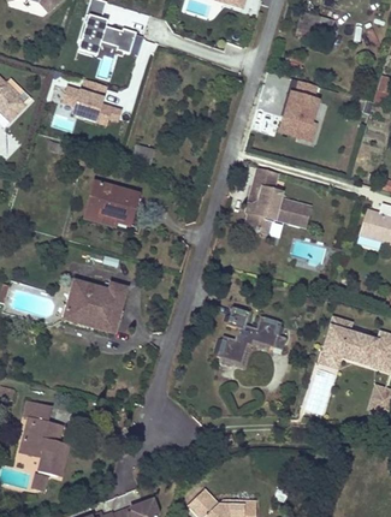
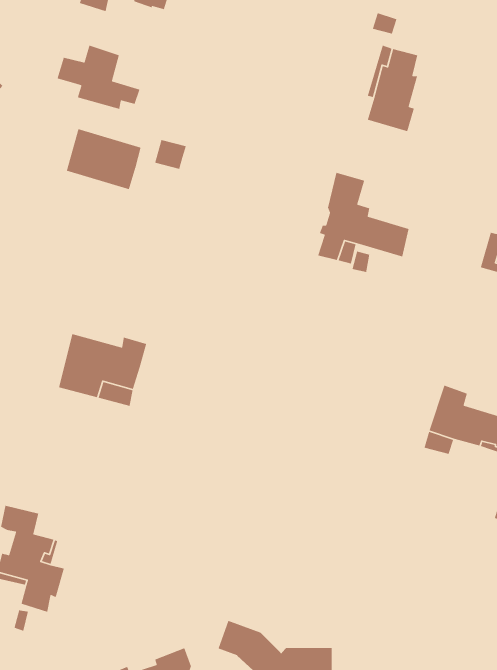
building: [84,180,137,224] -> [66,128,141,190]
building: [217,305,286,362] -> none

